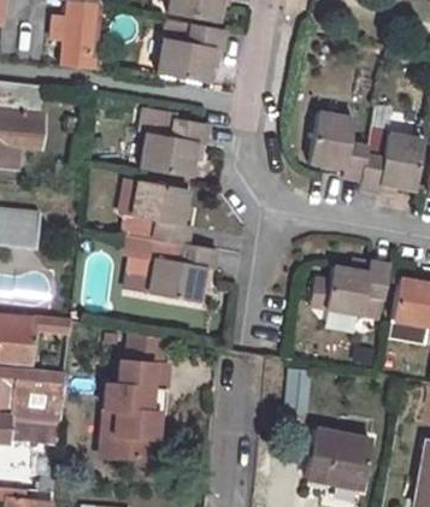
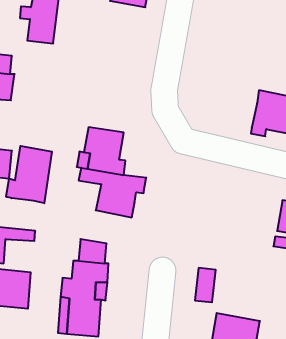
building: [143,18,225,82] -> none
building: [143,110,208,176] -> none
building: [311,114,366,181] -> none
building: none -> [6,146,52,203]
building: [317,265,394,318] -> none

